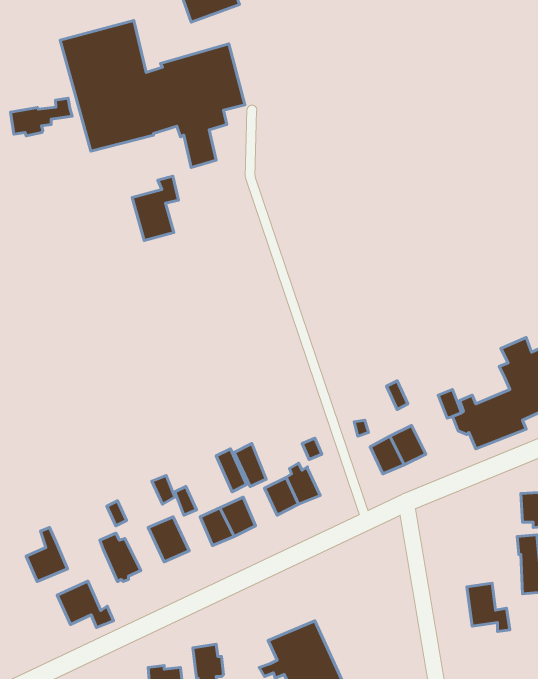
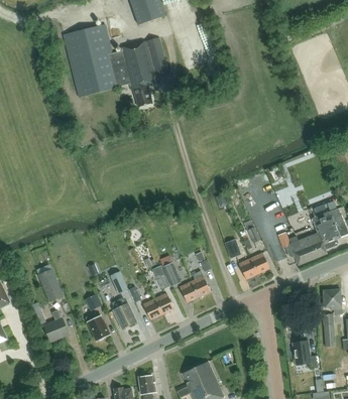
building: [11,98,72,136] -> none
building: [132,176,178,240] -> none
building: none -> [37,269,64,302]
building: [57,581,114,628] -> none

